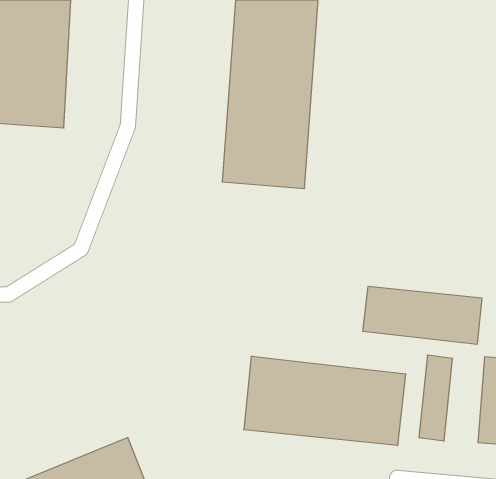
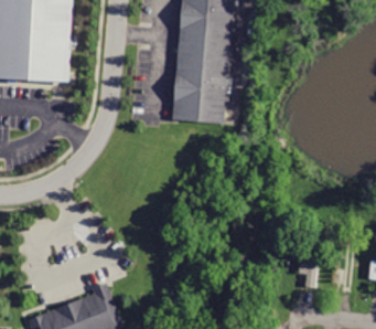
building: [363,286,482,344] -> none
building: [244,356,405,446] -> none

